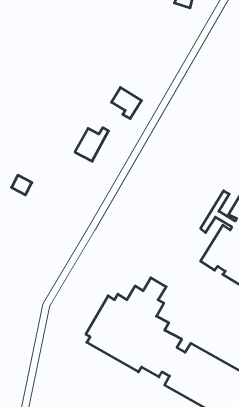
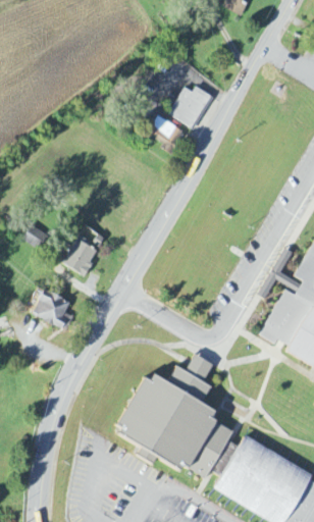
building: none -> [168,88,212,129]
building: [75,128,109,161] -> [62,234,104,276]
building: none -> [32,291,73,331]

